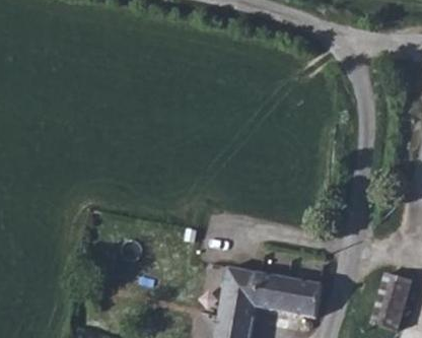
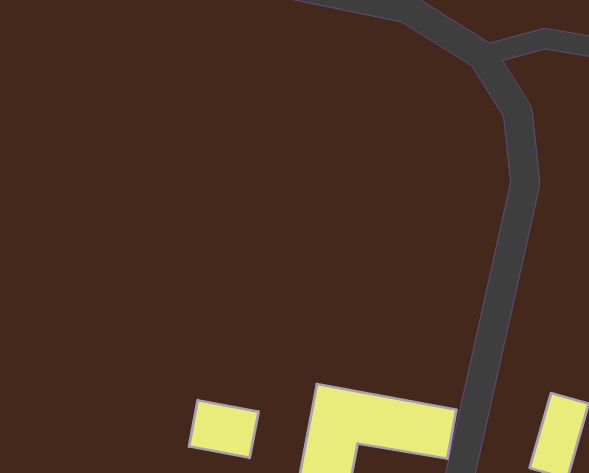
building: none -> [189,400,258,458]

